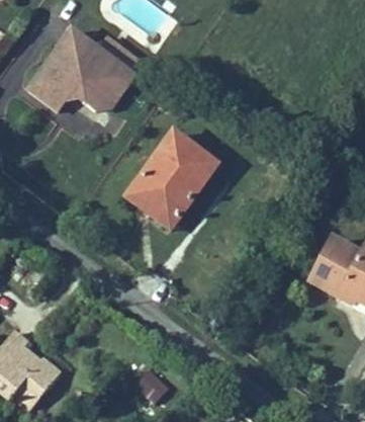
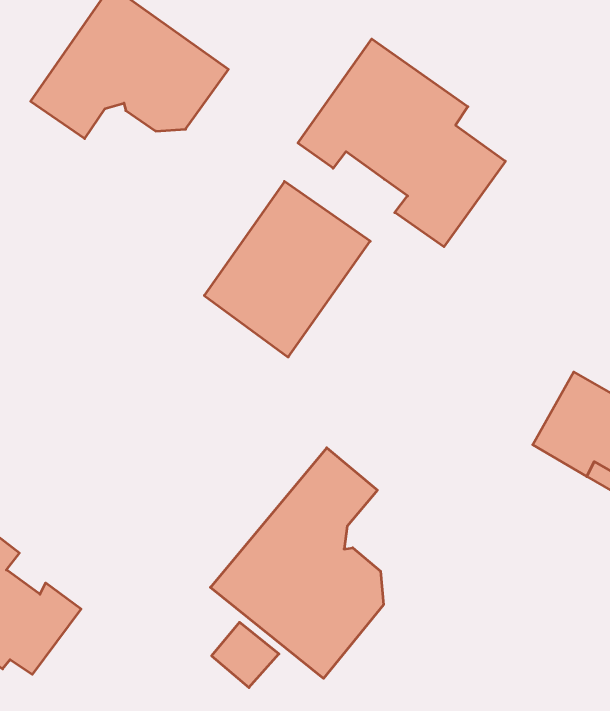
building: none -> [298,39,505,247]
building: none -> [210,448,383,678]

